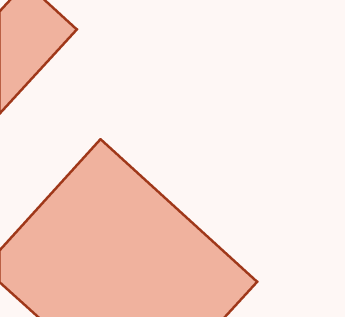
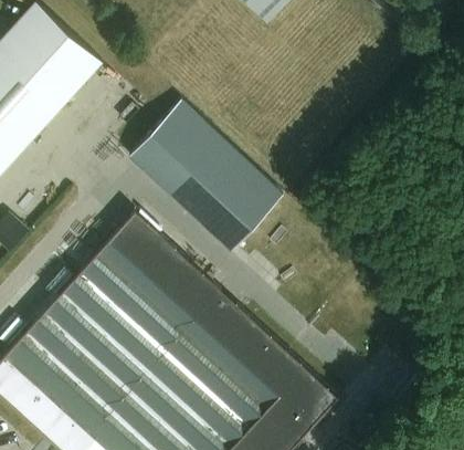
building: none -> [126,102,282,253]

